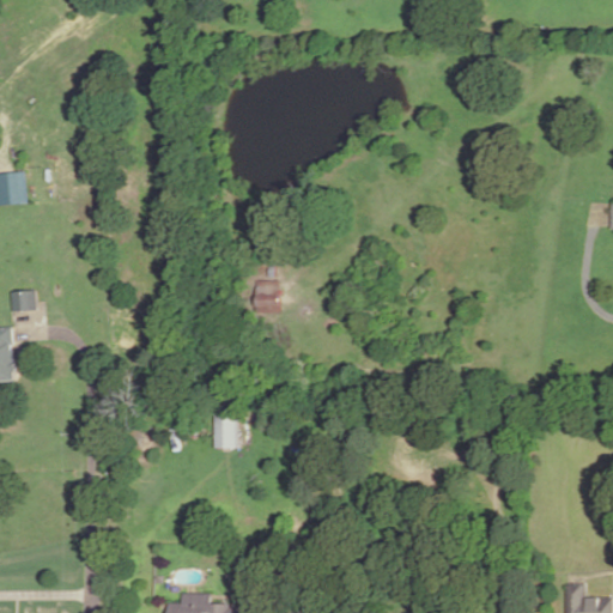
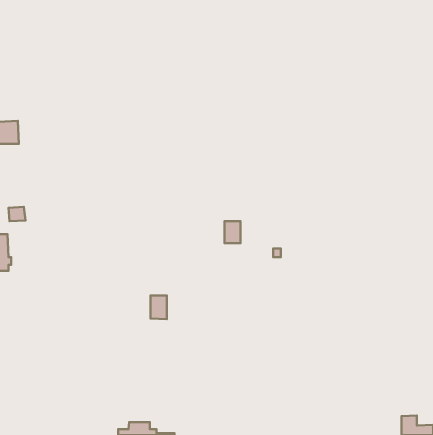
building: [256,283,279,314] -> [224,221,241,243]

